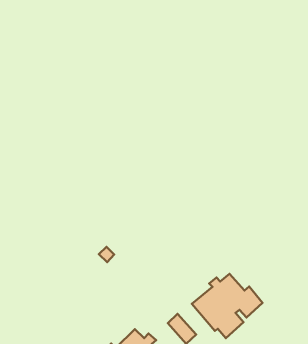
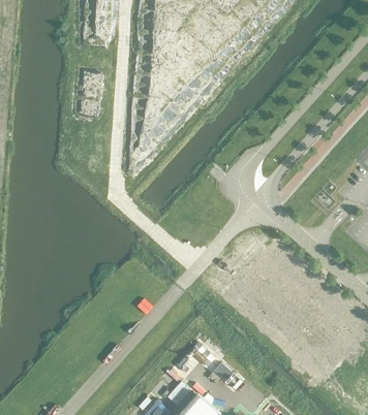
building: [192,274,263,338] -> none

